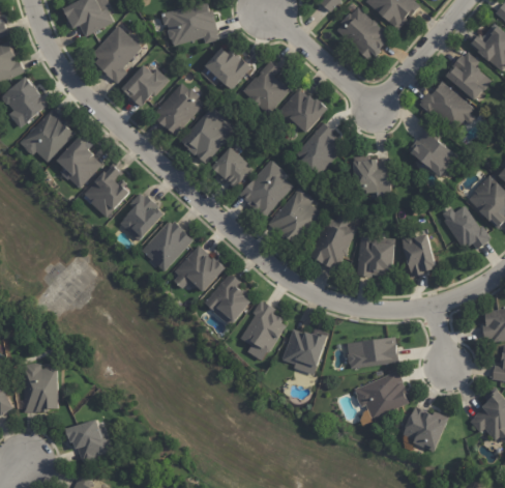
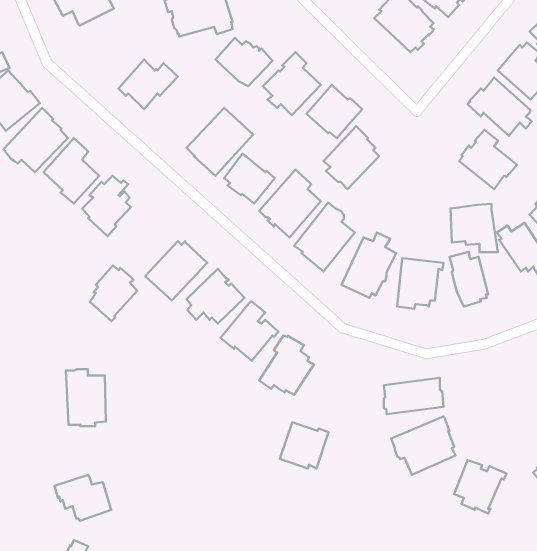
building: [90,26,139,84] -> none
building: [152,83,202,136] -> none
building: [349,159,389,200] -> [450,204,498,252]
building: [124,192,165,239] -> [90,265,137,321]
building: [286,328,327,368] -> [280,422,328,468]
building: [25,363,59,411] -> [66,369,106,426]

